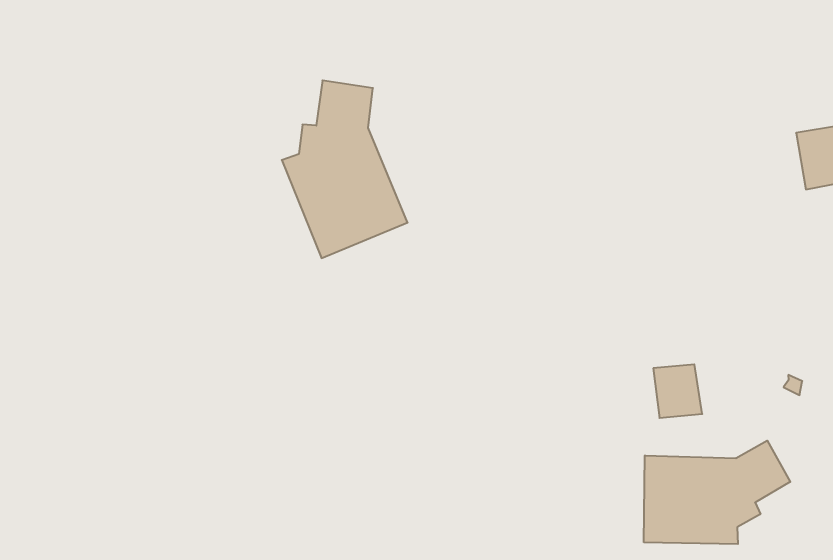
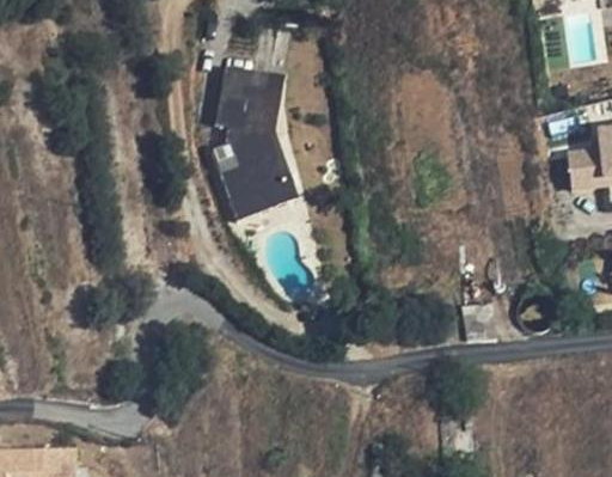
building: none -> [216,67,284,128]
building: [644,441,790,544] -> none

